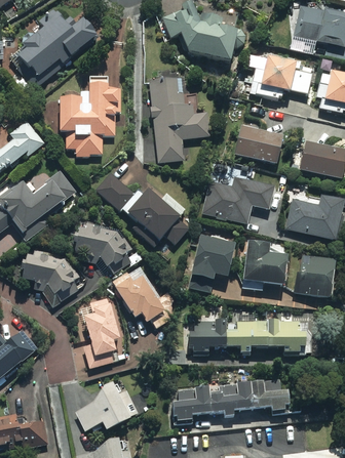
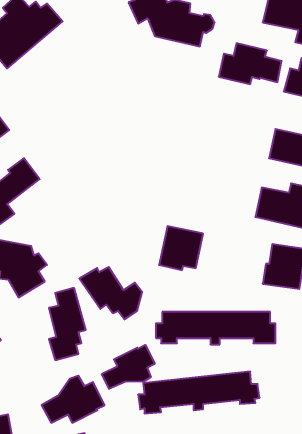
building: [60,77,120,155] -> none
building: [149,80,209,162] -> none
building: [234,126,283,165] -> none
building: [94,172,188,243] -> none
building: [202,176,274,223] -> none
building: [74,221,130,274] -> none
building: [242,242,288,285] -> none
building: none -> [102,345,155,389]

